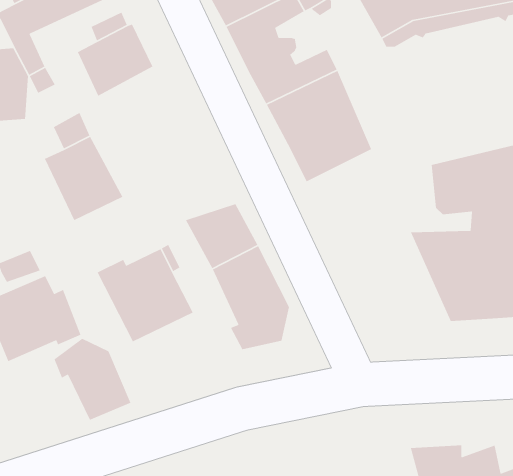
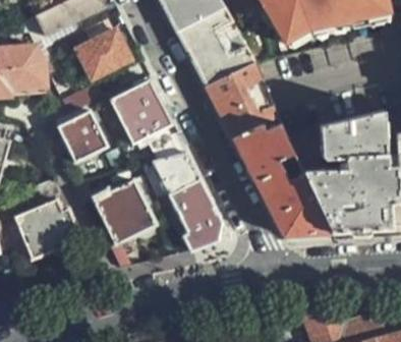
building: none -> [111,80,185,162]
building: none -> [233,114,331,235]
building: [54,338,131,421] -> none

